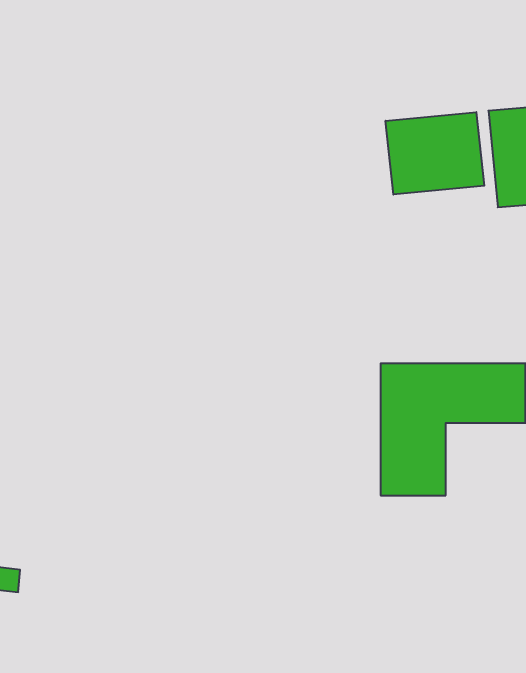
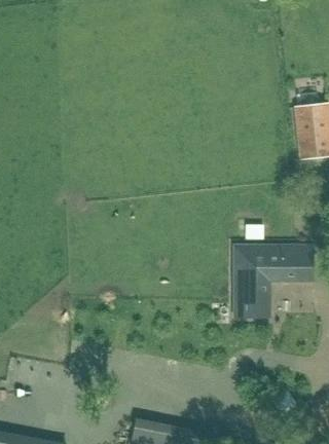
building: [386,112,484,195] -> none

